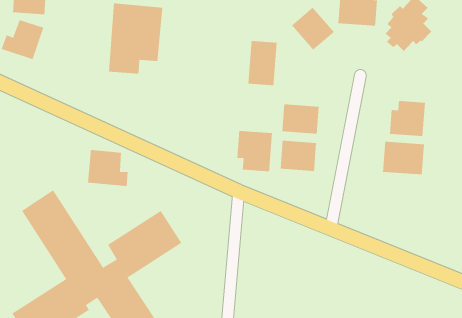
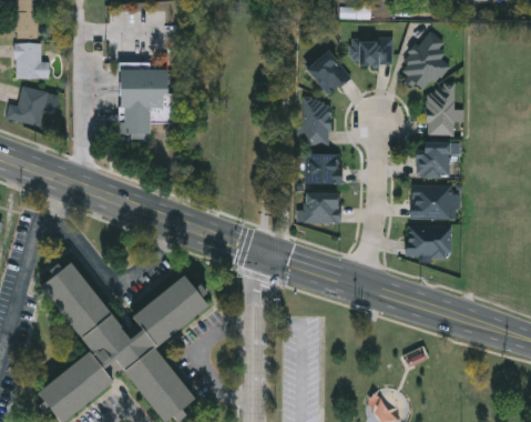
building: [248,40,277,86] -> [303,100,330,145]
building: none -> [425,84,463,138]
building: [237,130,272,172] -> none
building: [87,149,128,187] -> none
building: none -> [406,225,450,258]

